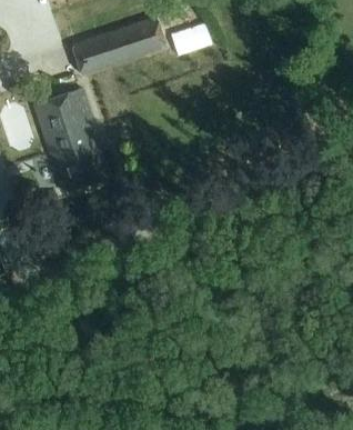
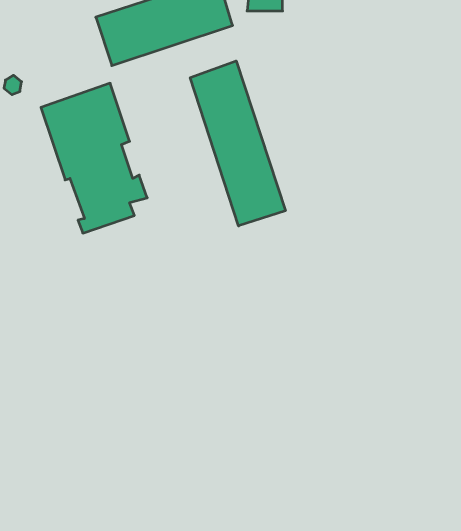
building: none -> [190,61,285,226]

